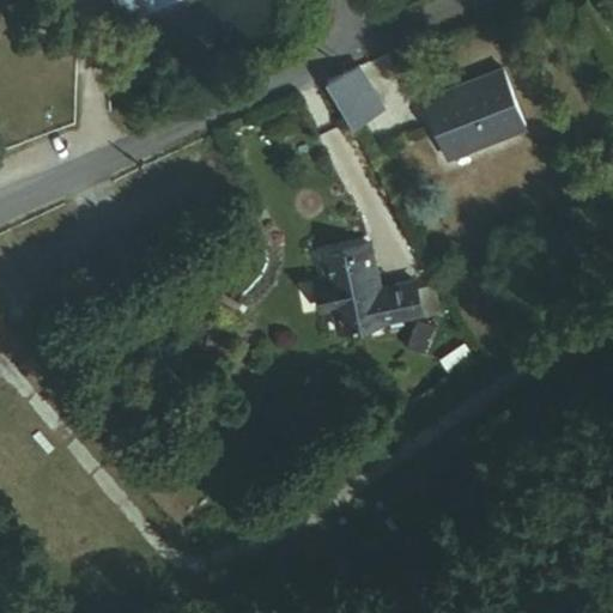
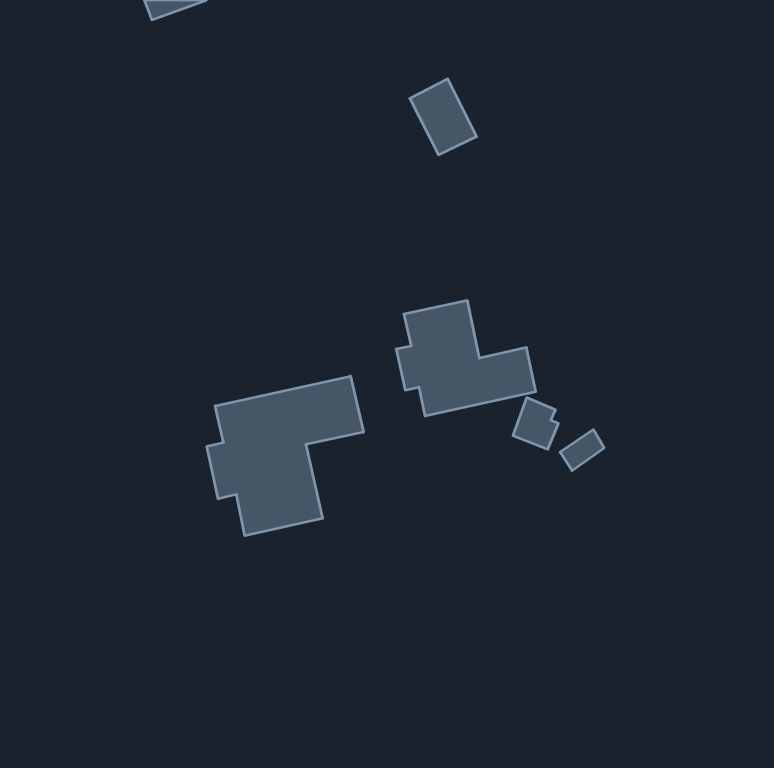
building: [430,66,532,158] -> none
building: none -> [207,376,363,536]

